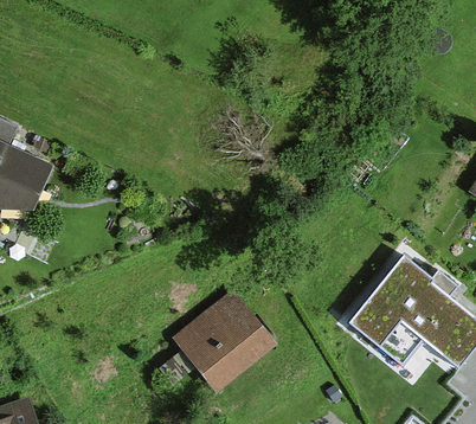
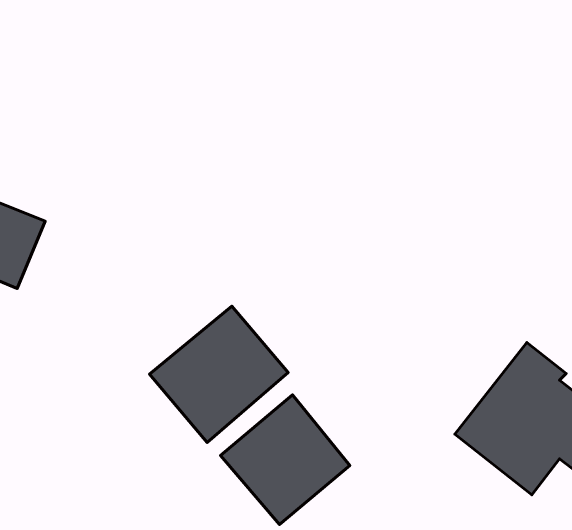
building: none -> [150,306,288,443]

